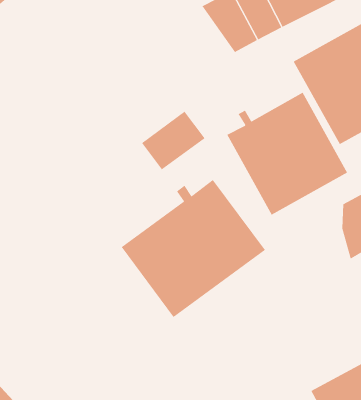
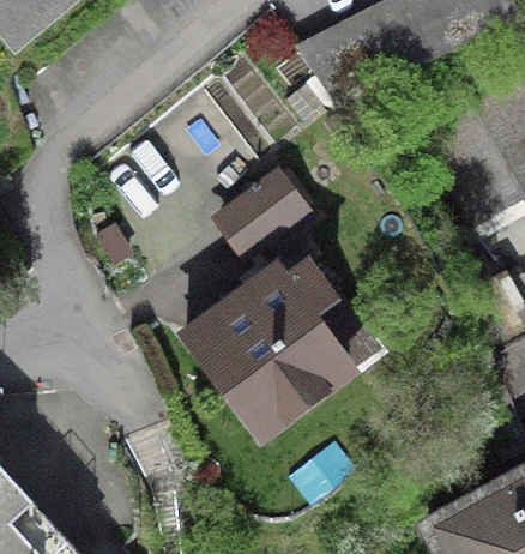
building: [226,92,348,215] -> none

